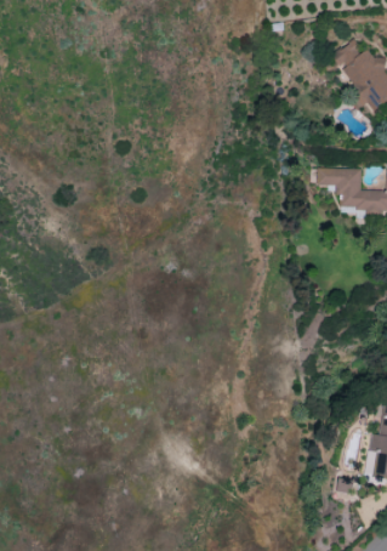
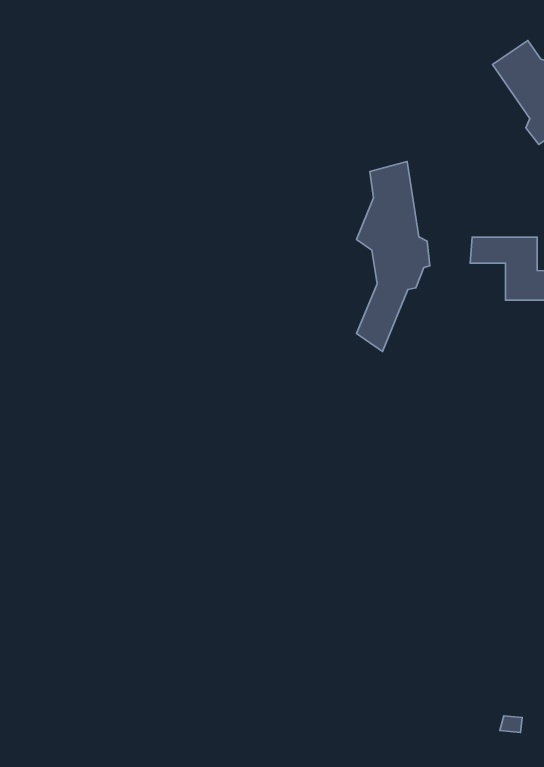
building: none -> [357,162,430,352]

